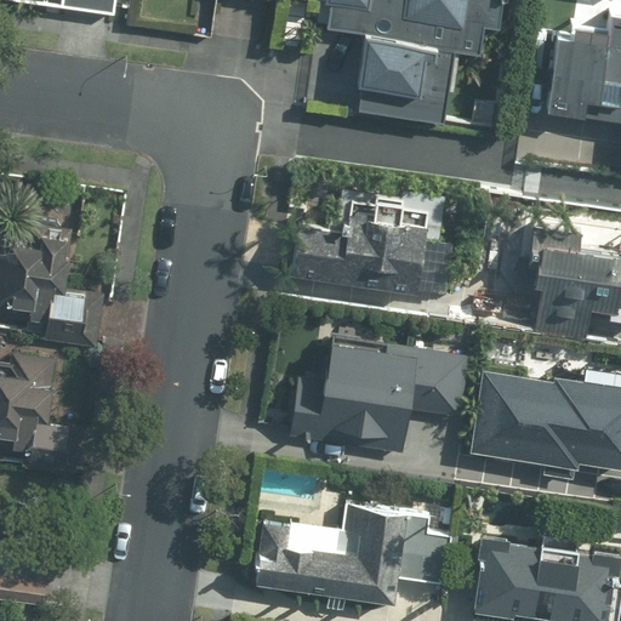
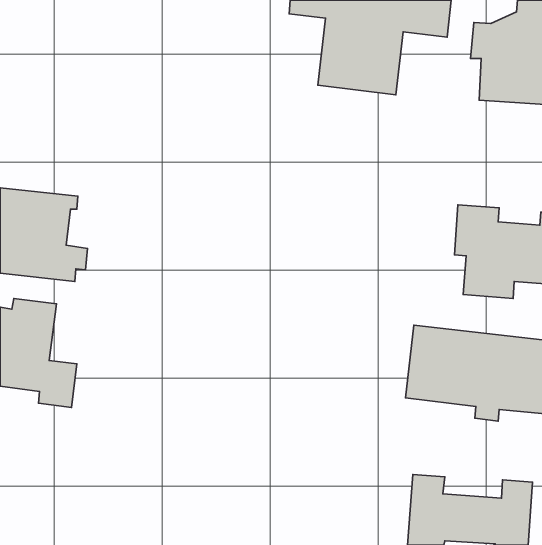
building: [284,198,446,294] -> none
building: [286,334,466,454] -> none
building: [251,511,457,603] -> none

